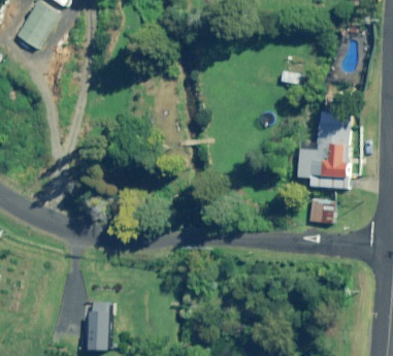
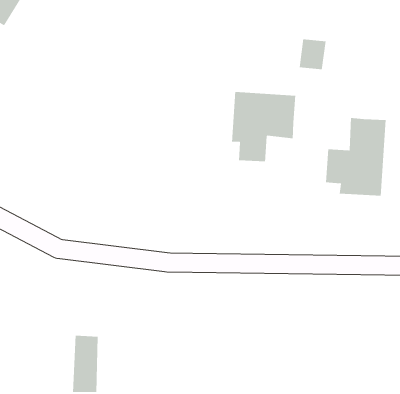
building: none -> [231,91,296,162]
building: [307,201,331,223] -> none

